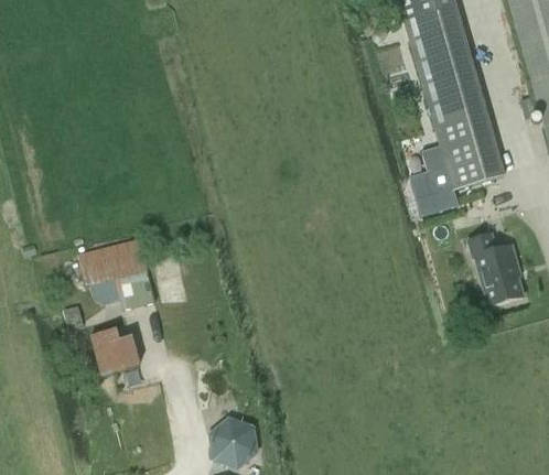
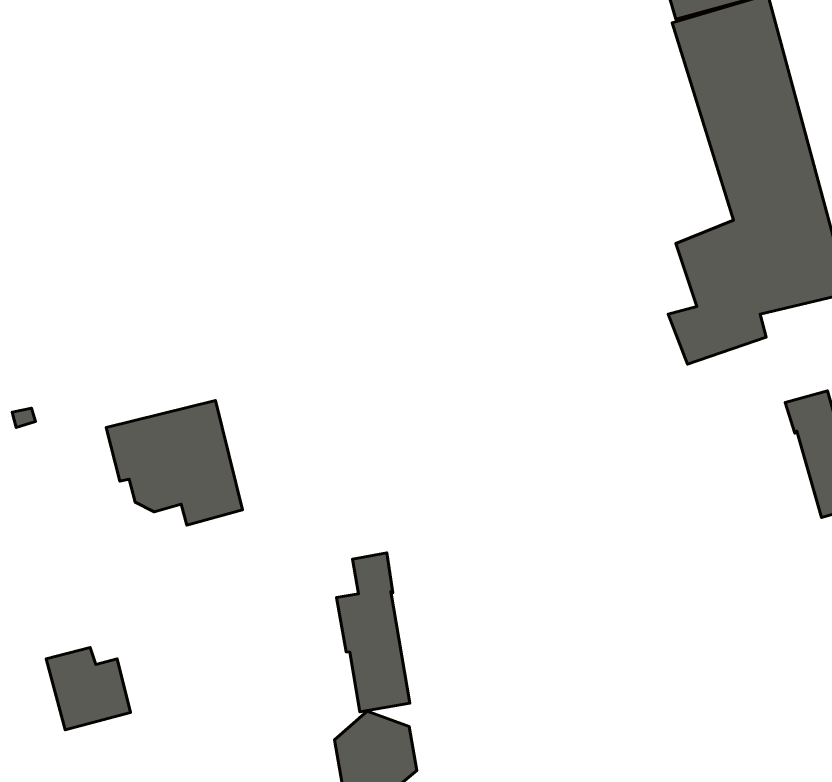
building: none -> [337,553,410,712]
building: [90,328,139,376] -> [46,647,131,730]

